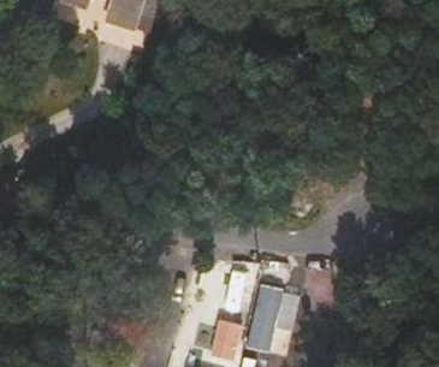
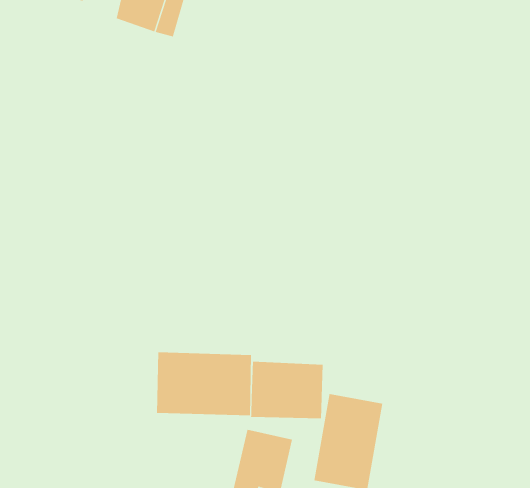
building: none -> [157,352,252,416]

